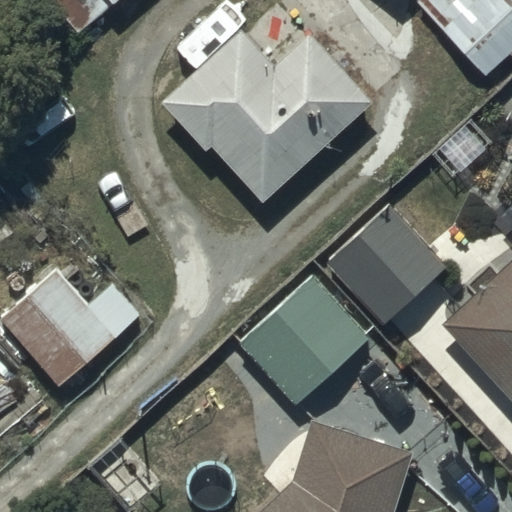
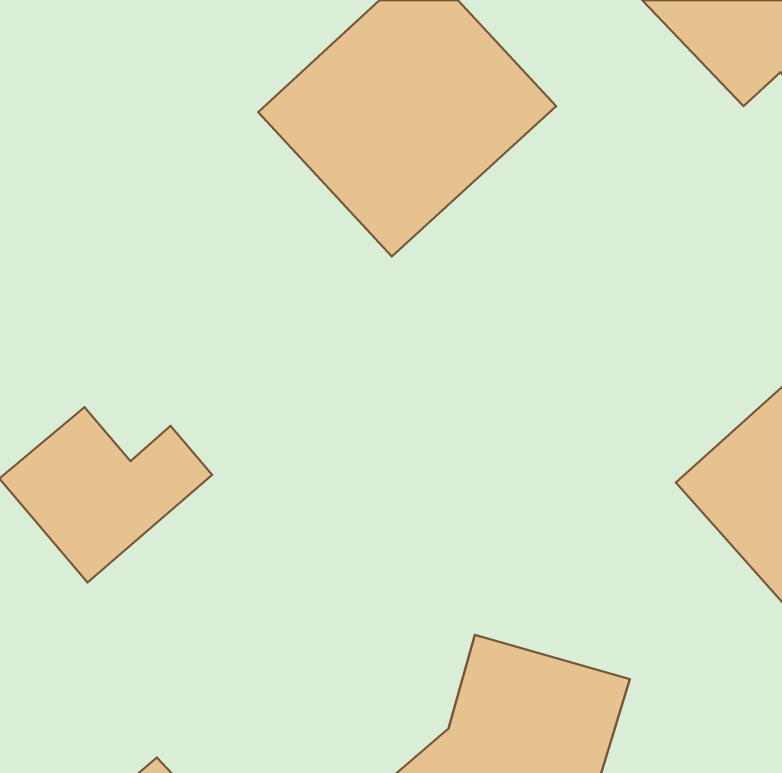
building: [328,206,445,323] -> none
building: [239,278,368,406] -> none

